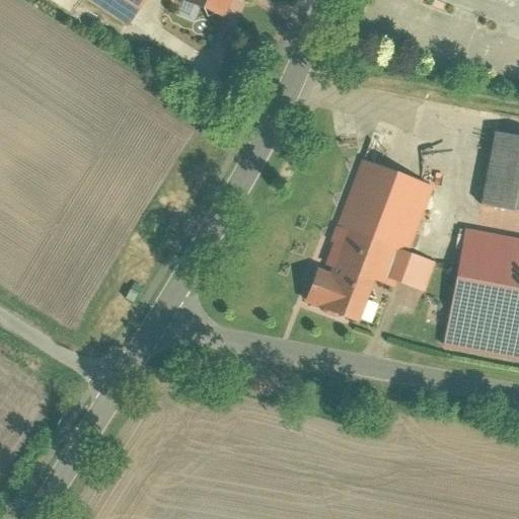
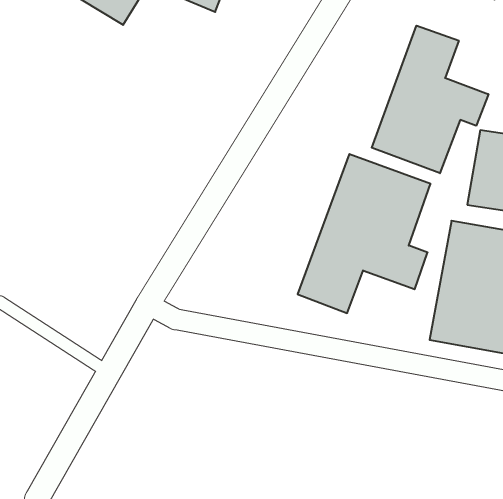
building: none -> [372,26,488,173]

